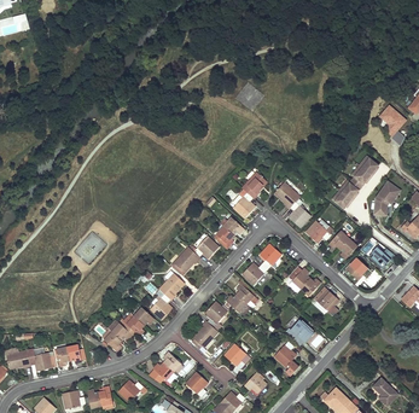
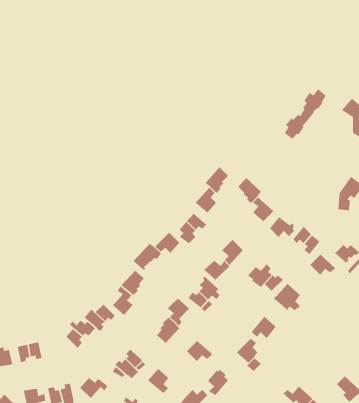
building: [336,157,378,208] -> [284,88,327,139]

